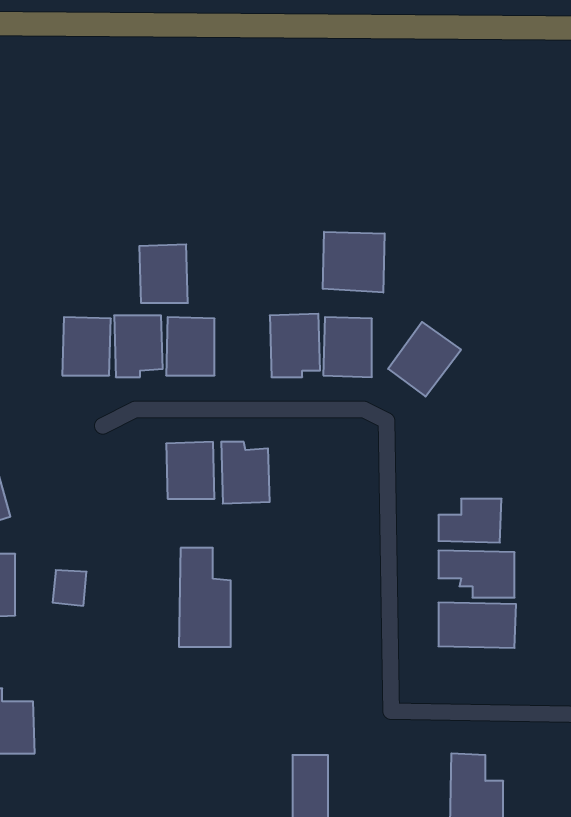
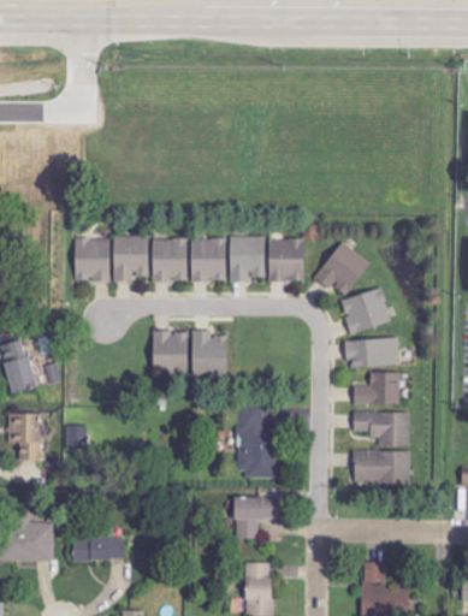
building: [323,232,385,293] -> none
building: [139,244,188,303] -> [189,237,225,280]
building: none -> [340,286,390,333]
building: none -> [345,337,399,367]
building: [179,548,231,647] -> [237,404,276,478]
building: none -> [233,496,280,538]
building: none -> [72,535,125,561]

